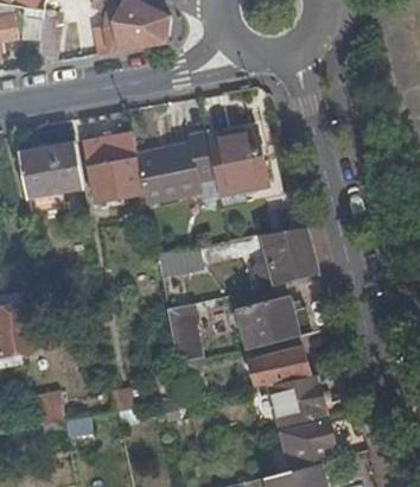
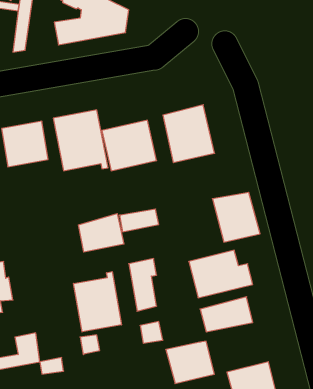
building: none -> [78,214,124,252]
building: none -> [74,272,121,332]
building: [271,377,326,425] -> [166,341,214,384]

